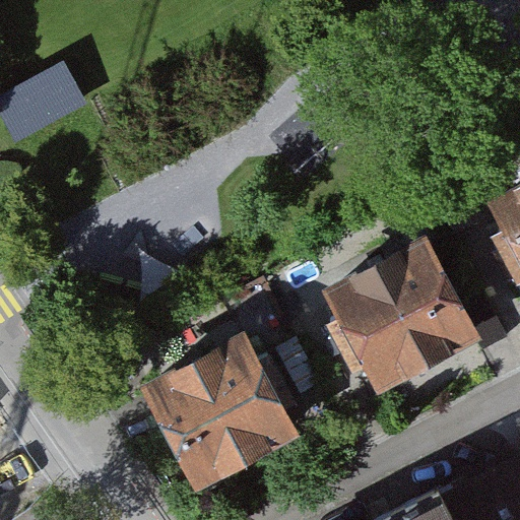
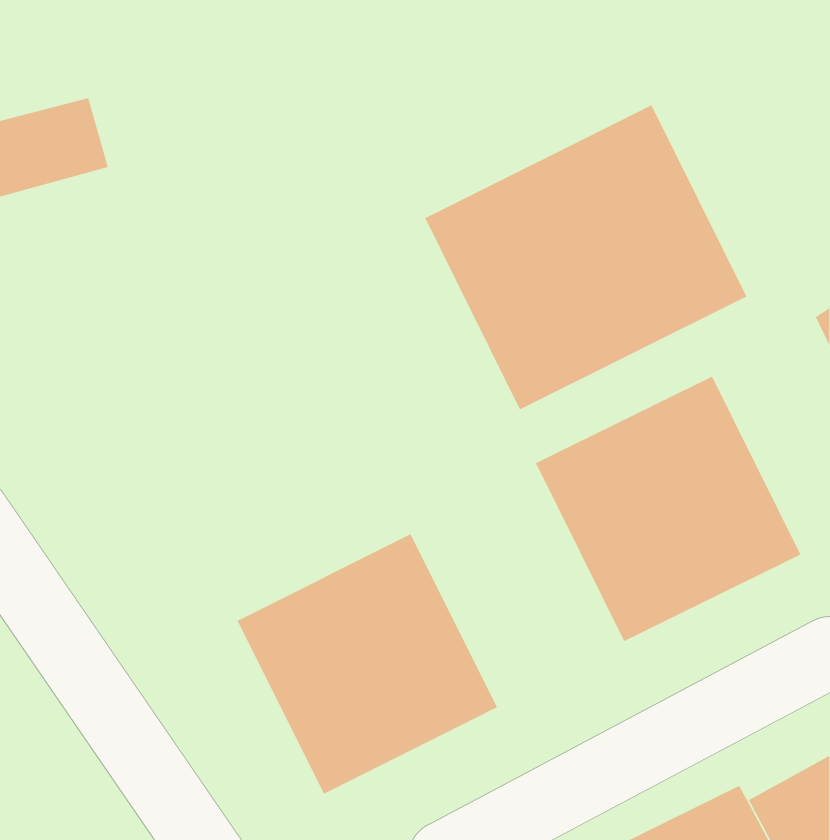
building: none -> [424,104,747,410]

